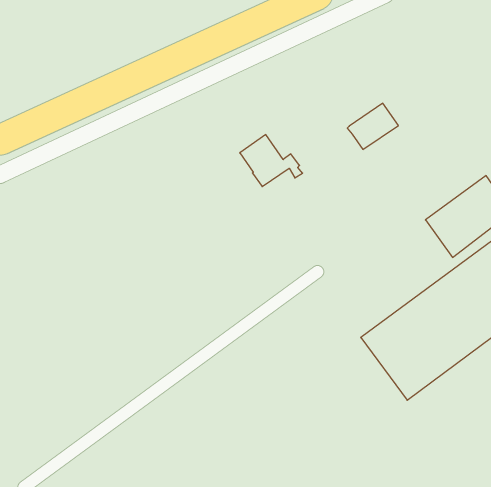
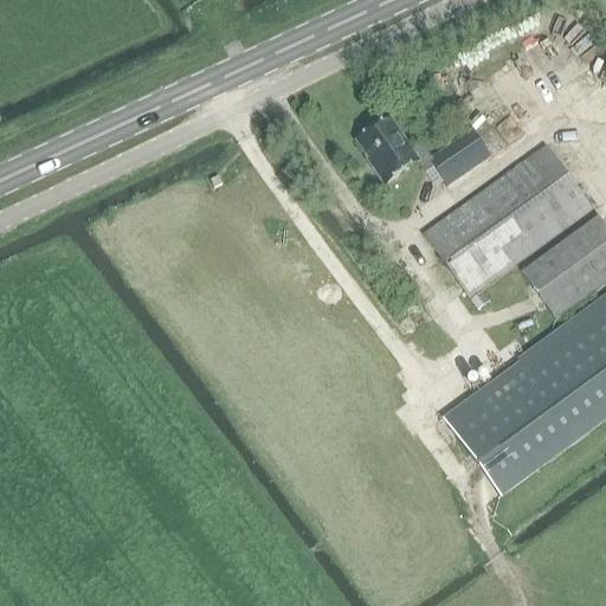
building: none -> [425,143,593,295]
building: [240,135,303,187] -> [357,117,434,181]

